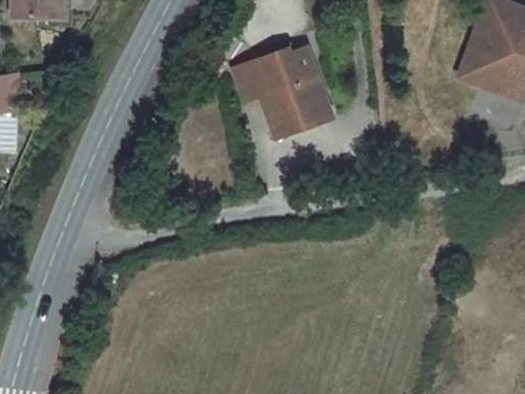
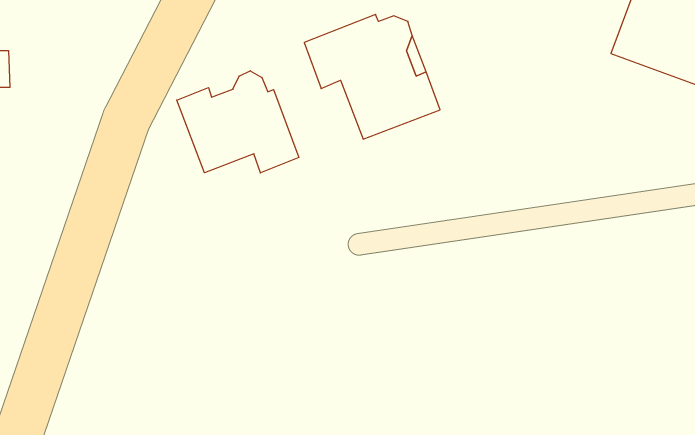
building: none -> [177,71,299,173]

